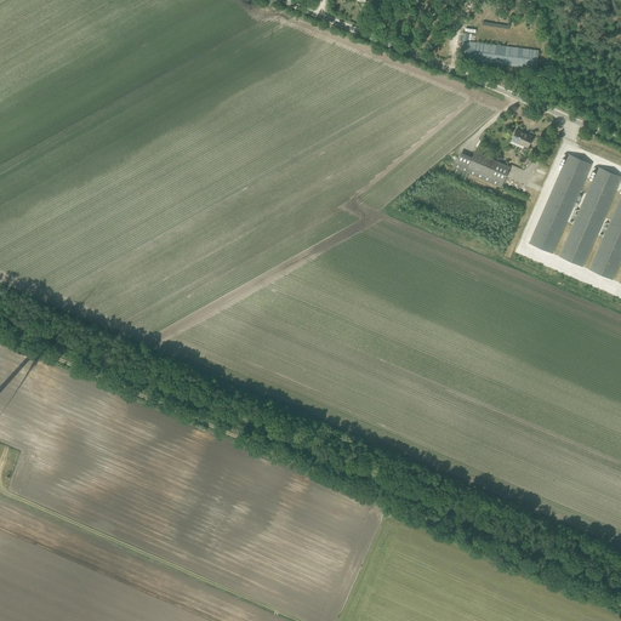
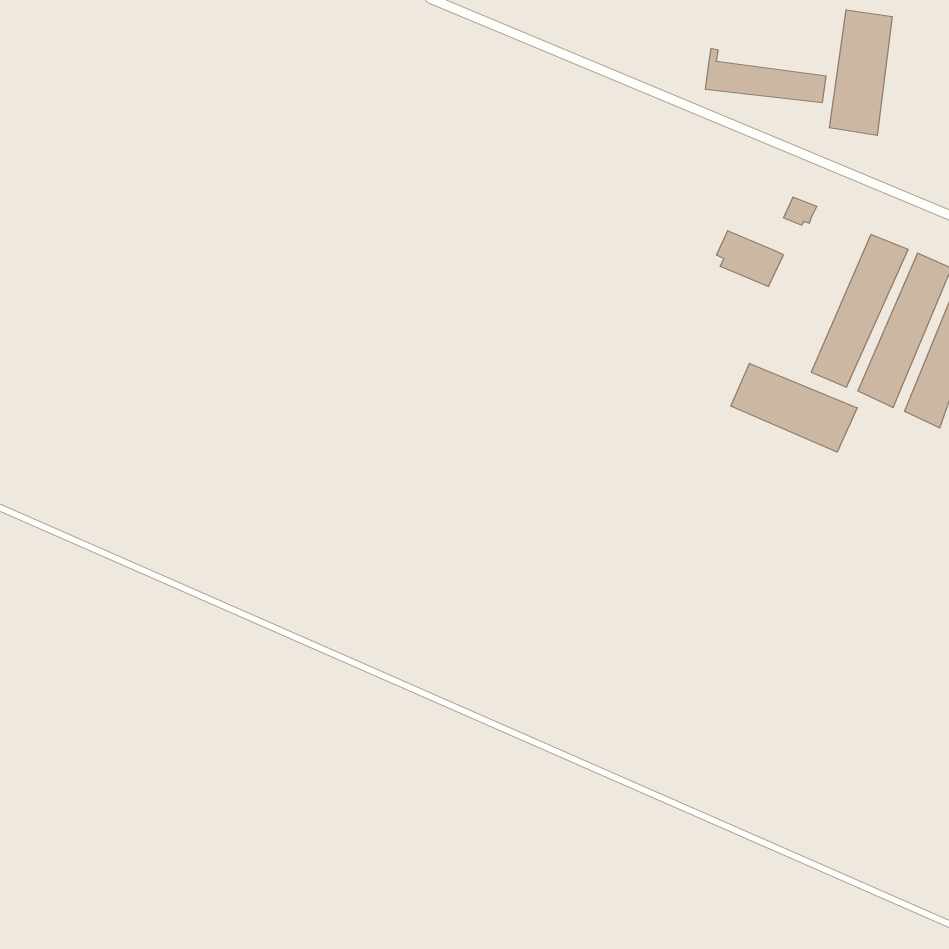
building: none -> [829,10,892,136]
building: none -> [731,363,857,452]

